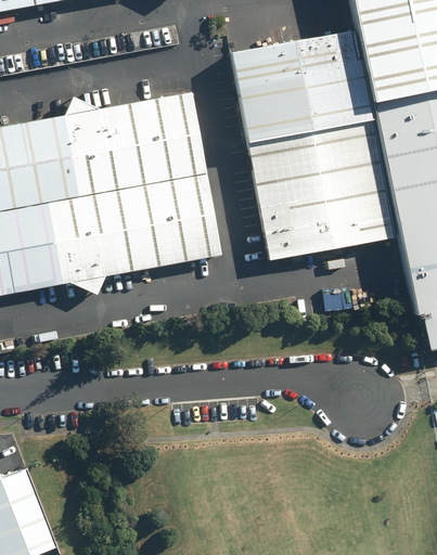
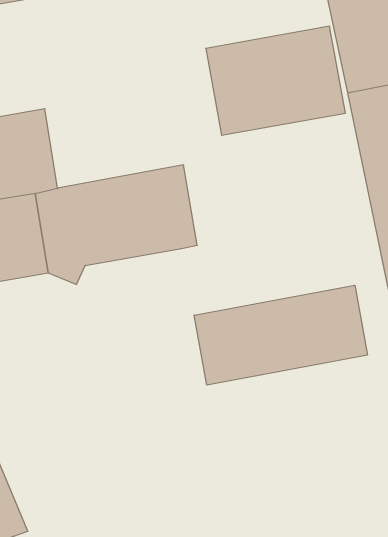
building: [65,92,207,196] -> none
building: [246,119,395,259] -> none
building: none -> [194,285,367,385]

